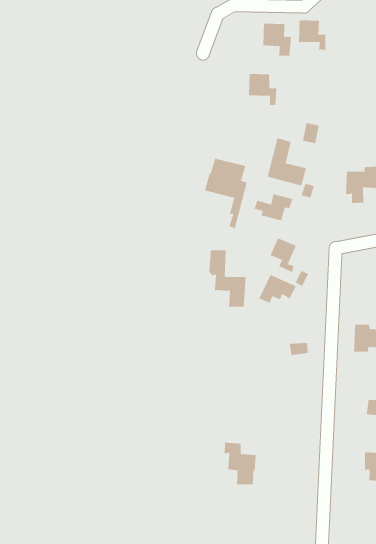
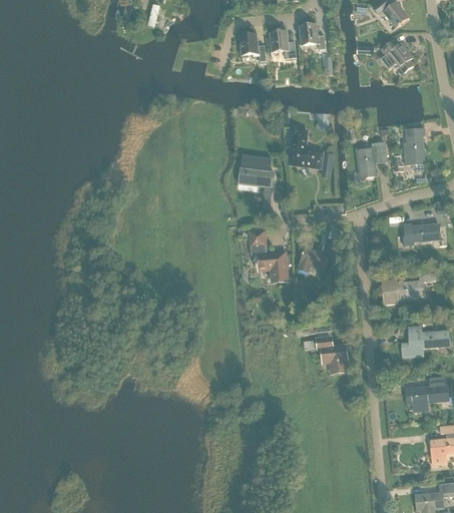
building: [248,74,277,105] -> [239,34,266,61]
building: [254,193,293,221] -> none
building: [270,237,297,273] -> none
building: [224,442,256,485] -> [316,338,346,374]

